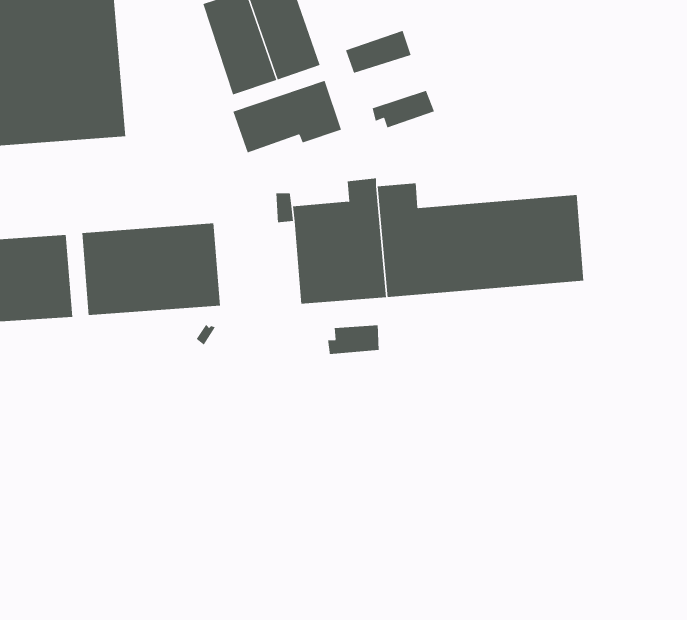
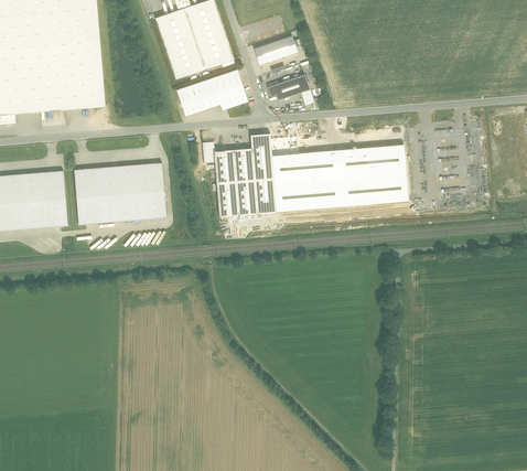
building: [327,325,379,355] -> none

